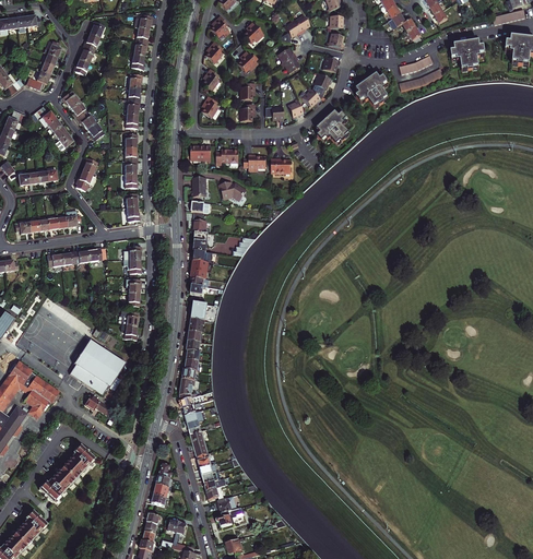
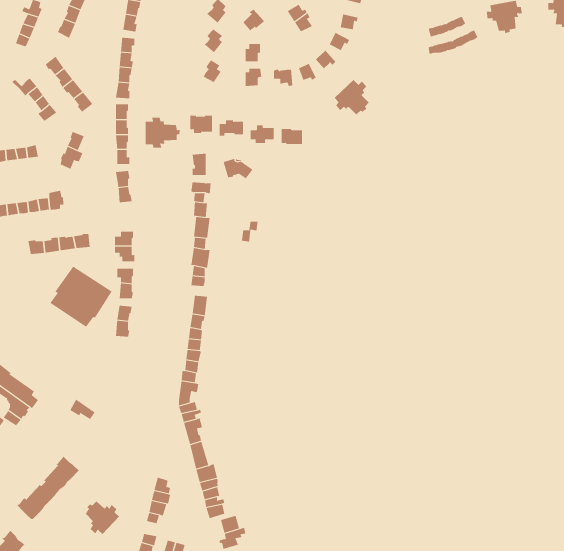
building: [357,75,389,107] -> none
building: none -> [145,117,180,148]
building: [69,340,125,394] -> [49,266,112,327]
building: none -> [85,501,120,535]

